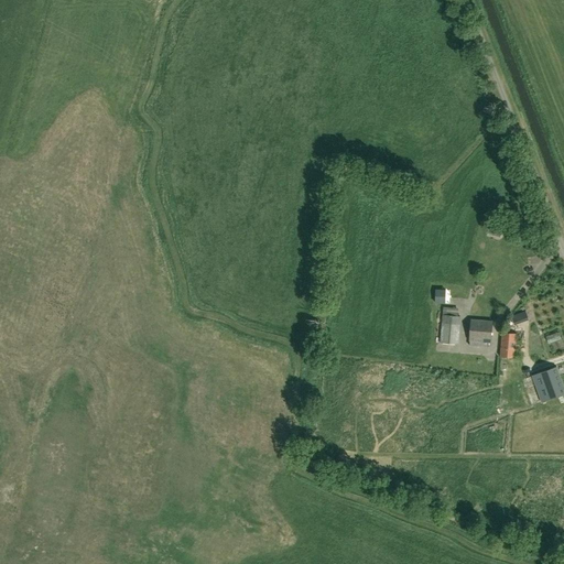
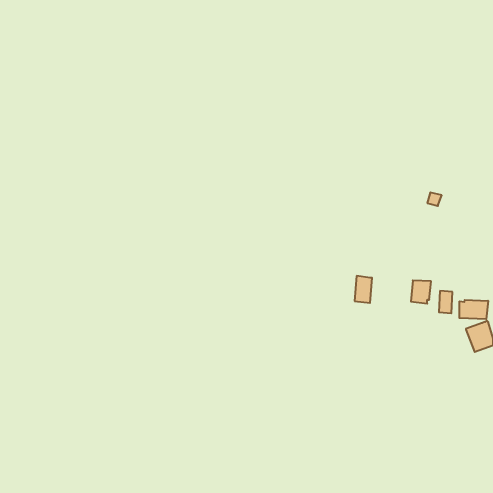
building: [440,313,459,344] -> [355,276,372,303]
building: none -> [459,300,488,319]

